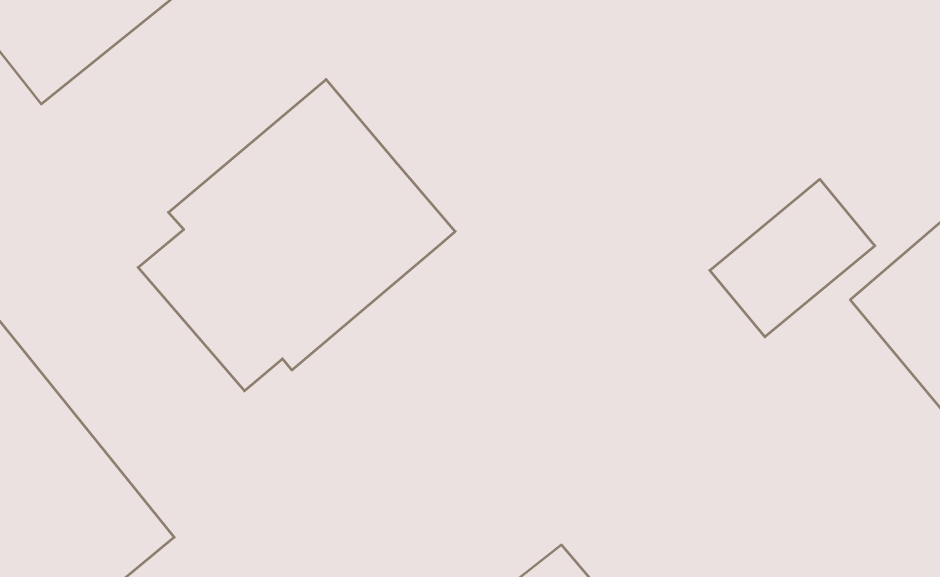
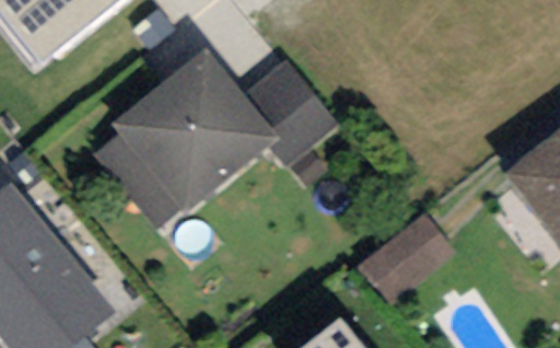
building: none -> [243,60,338,166]
building: [710,179,875,337] -> [357,214,452,305]

